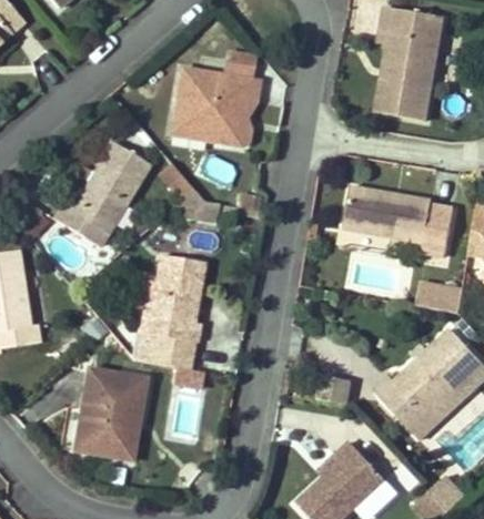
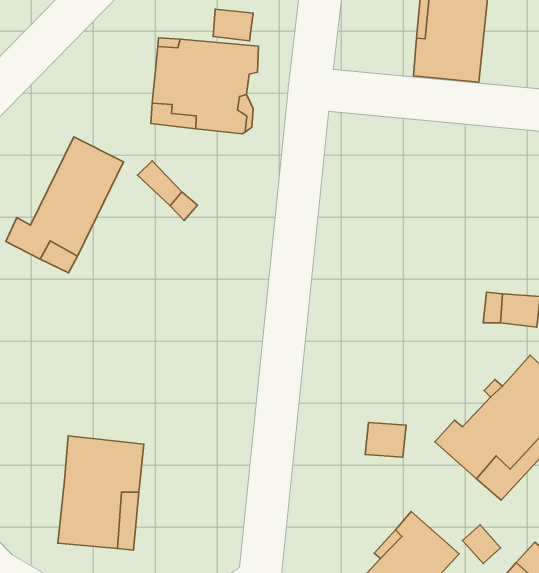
building: [345,186,454,254] -> none
building: [141,253,204,367] -> none

